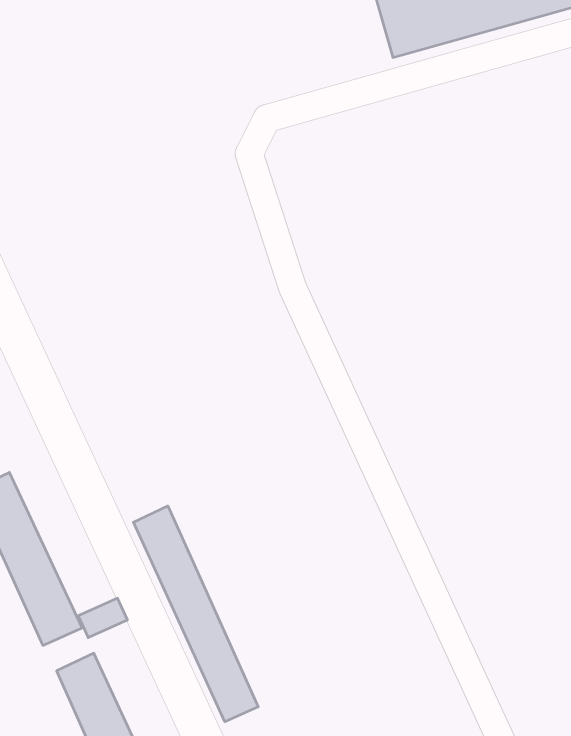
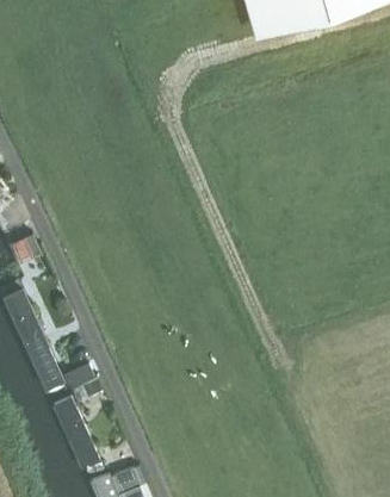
building: [133,506,258,722] -> none

